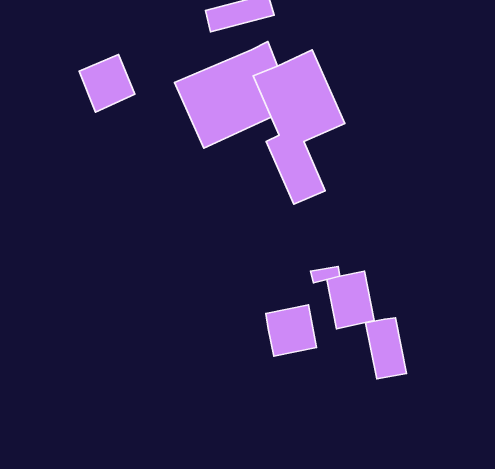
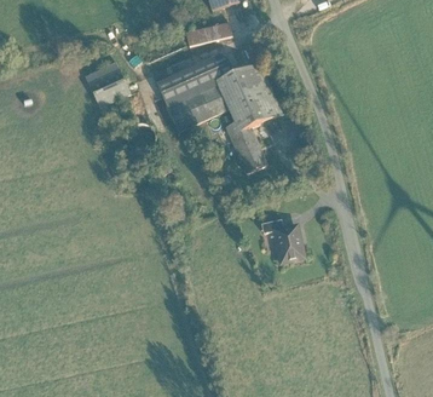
building: [266,305,317,356] -> none
building: [366,318,407,379] -> none

